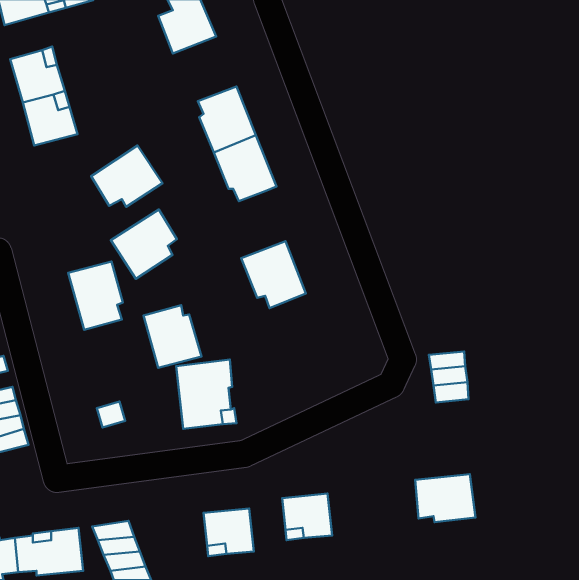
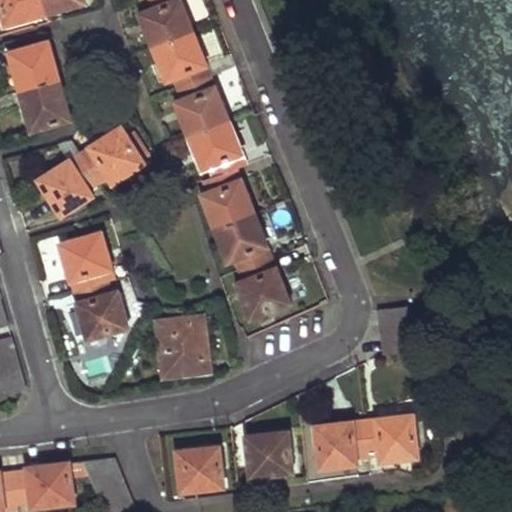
building: none -> [152,32,208,89]
building: none -> [200,168,251,227]
building: [111,209,177,279] -> [38,155,96,216]
building: none -> [234,258,287,318]
building: [144,305,202,368] -> [74,281,125,336]
building: none -> [316,422,368,466]

